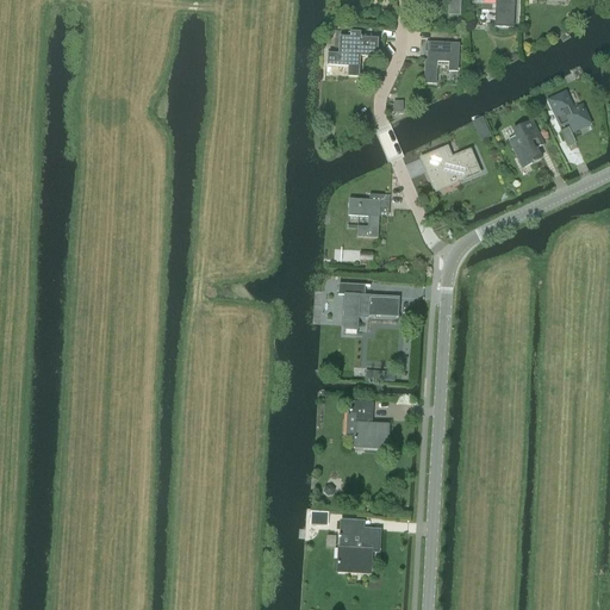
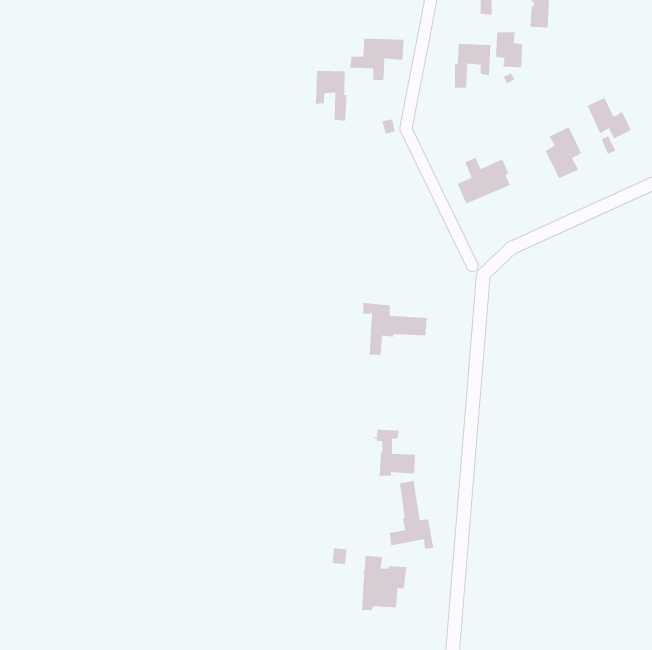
building: none -> [495,31,523,68]
building: none -> [315,70,347,122]
building: [347,193,390,237] -> none
building: none -> [389,480,434,549]

